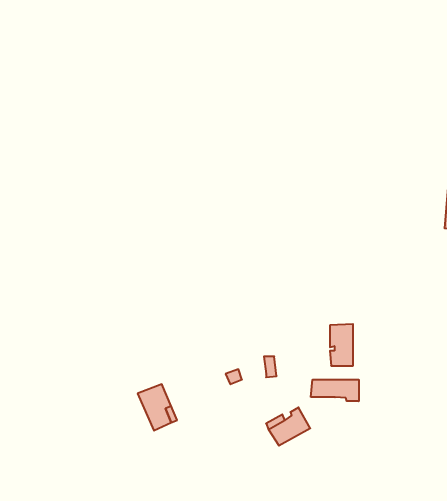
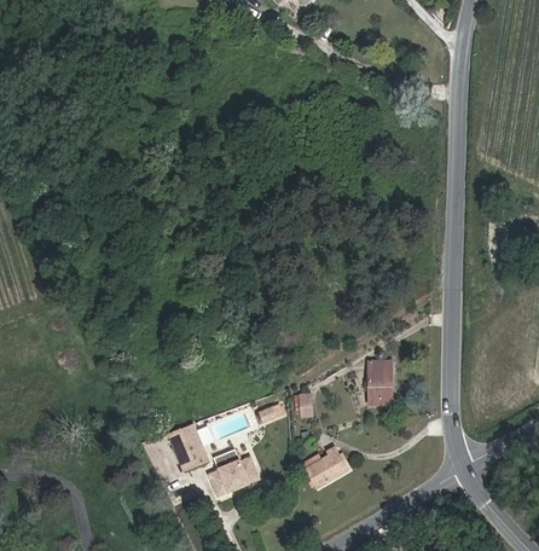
building: [311,380,359,401] -> none
building: none -> [209,448,259,495]

